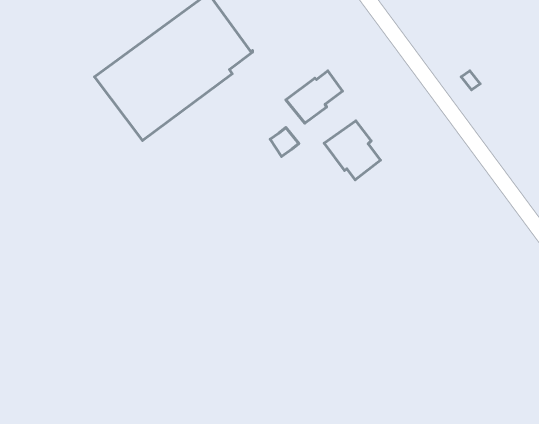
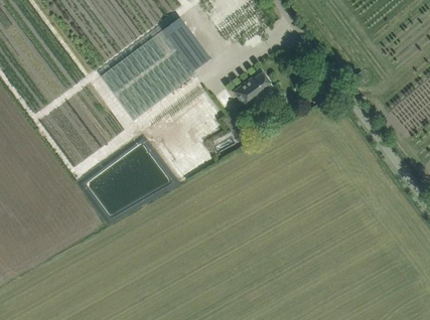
building: [324,121,380,180] -> none

